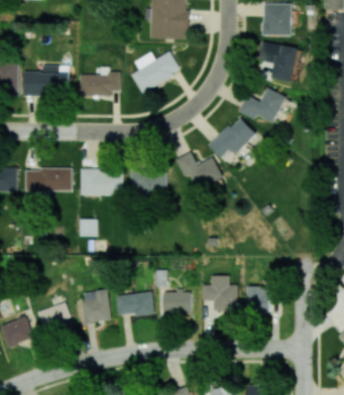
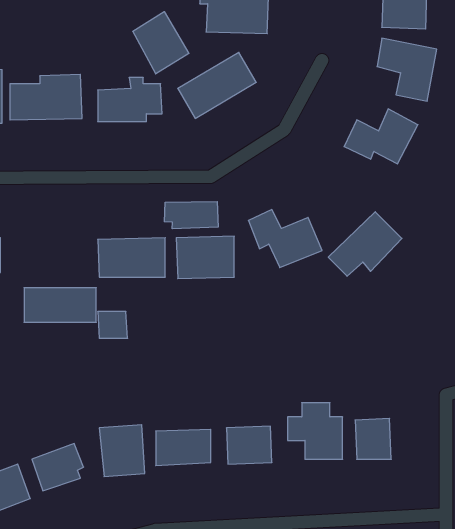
building: none -> [133,12,189,74]
building: [209,117,256,158] -> [328,212,402,276]
building: none -> [164,202,218,229]
building: [25,169,72,191] -> [24,288,96,322]

